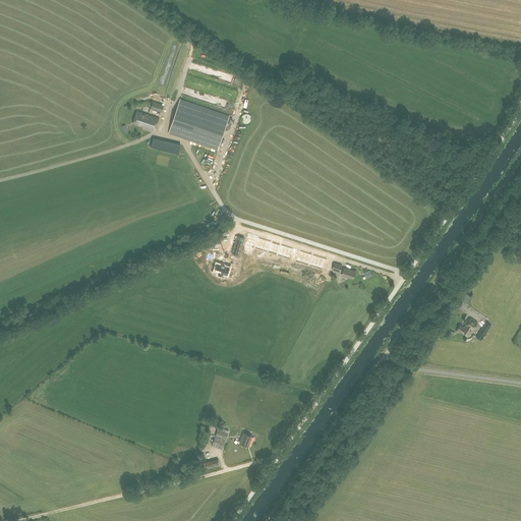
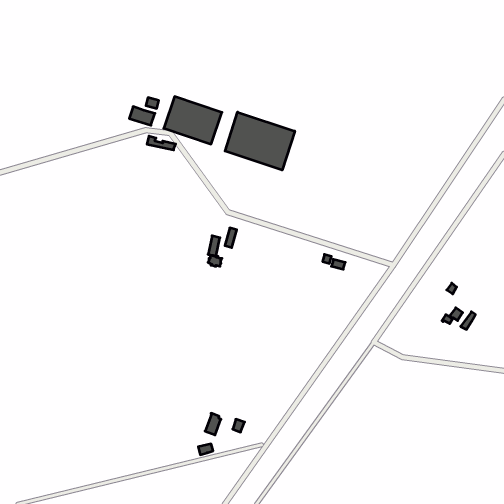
building: none -> [225,112,295,170]

